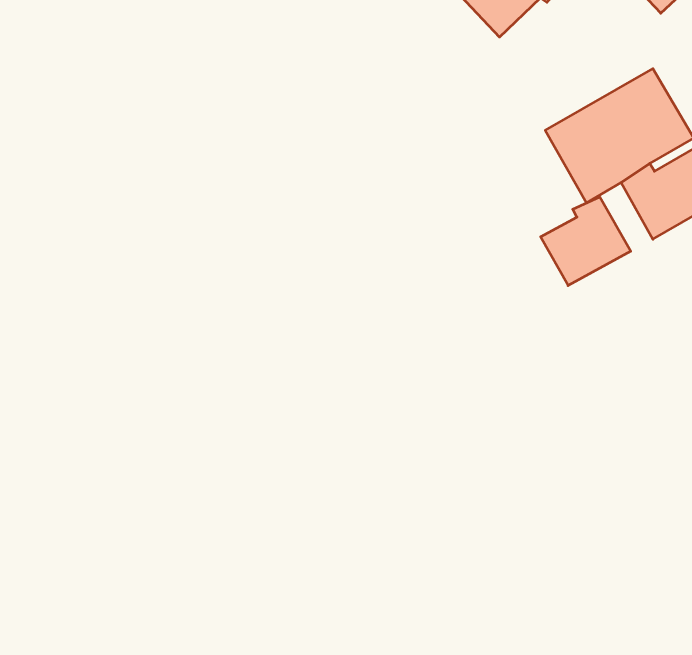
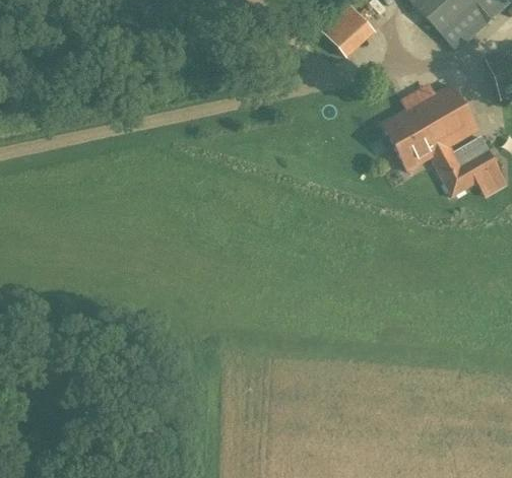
building: [541,197,631,286] -> none

